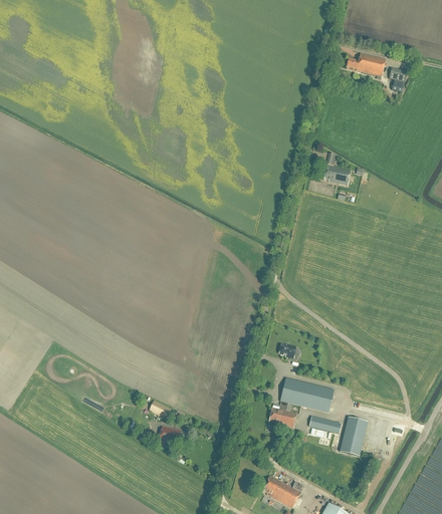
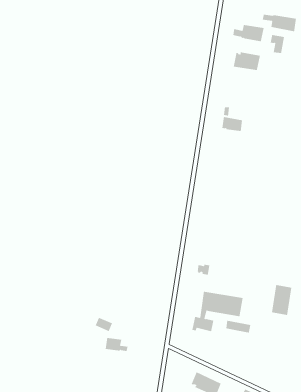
building: none -> [262,14,297,32]
building: none -> [233,51,260,71]
building: [340,417,368,456] -> [271,285,292,315]

